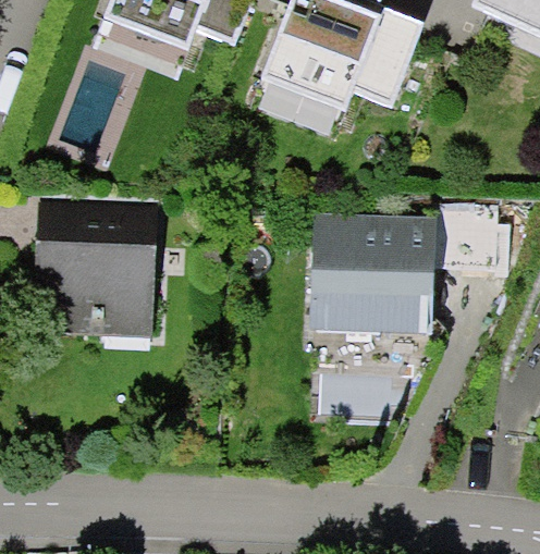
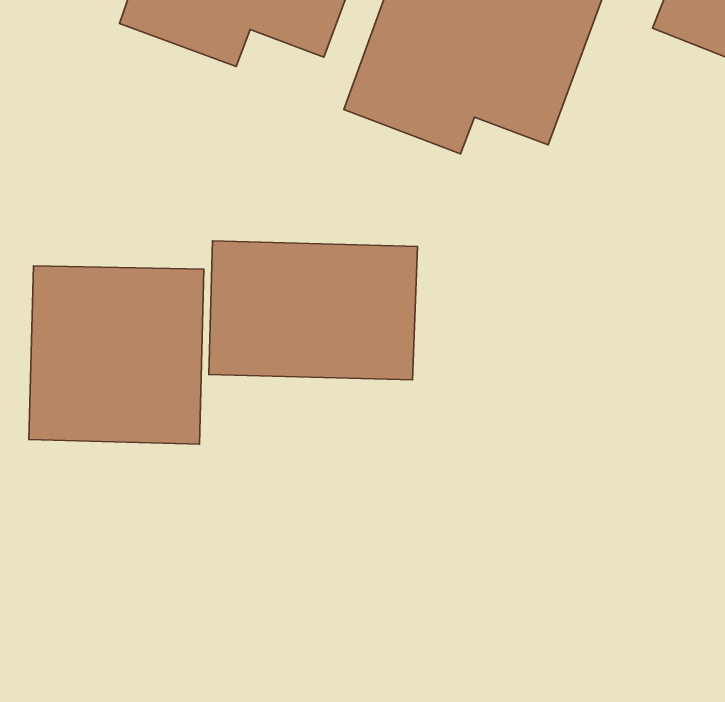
building: none -> [209,241,418,380]
building: [305,214,442,329] -> none

